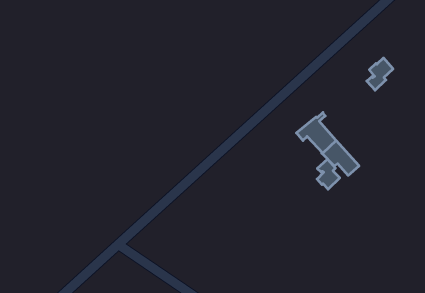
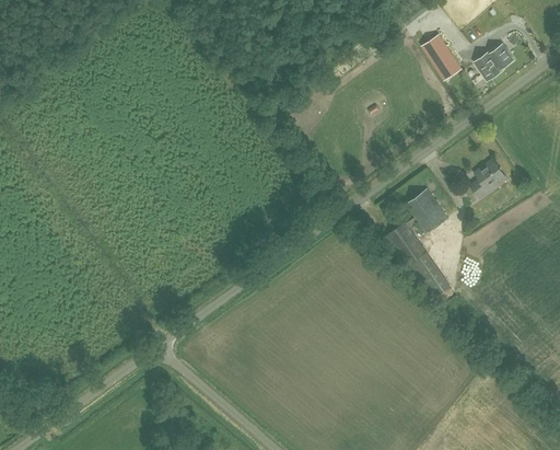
building: none -> [405,187,448,232]
building: [317,159,340,189] -> none

